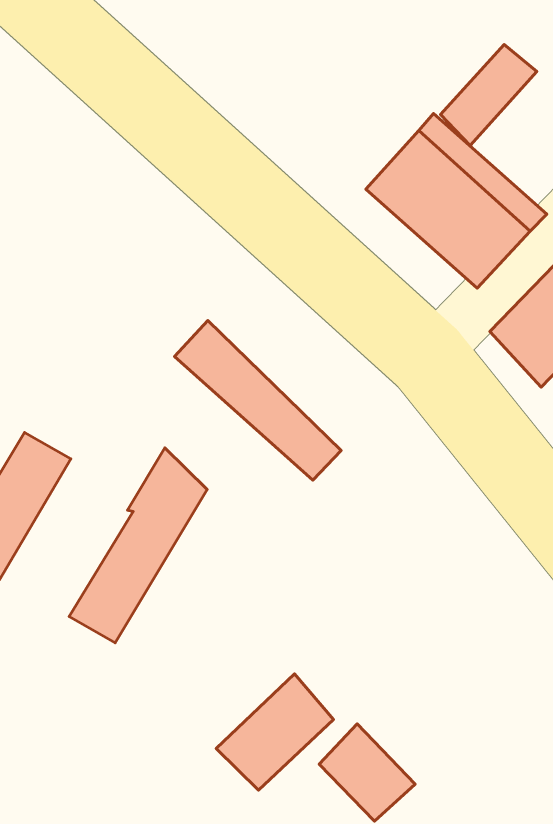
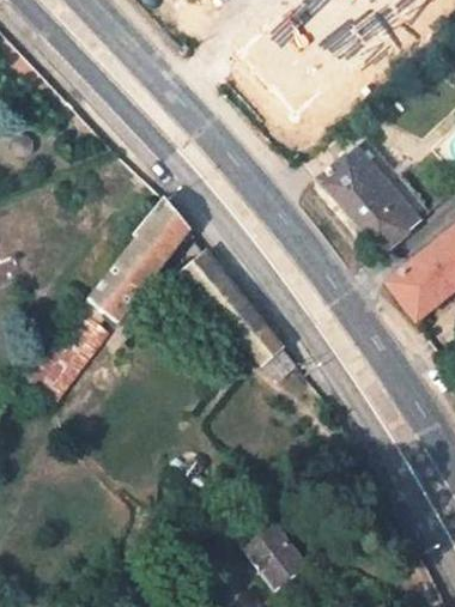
building: [440,44,537,145] -> none
building: [69,448,207,643] -> [90,199,188,320]
building: [216,674,334,790] -> none

